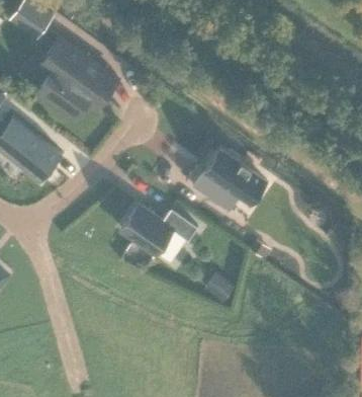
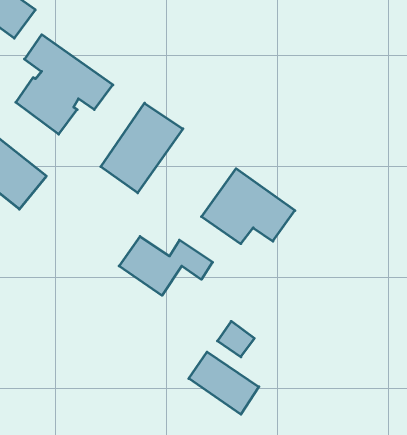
building: none -> [101,103,183,193]
building: none -> [189,352,259,414]

